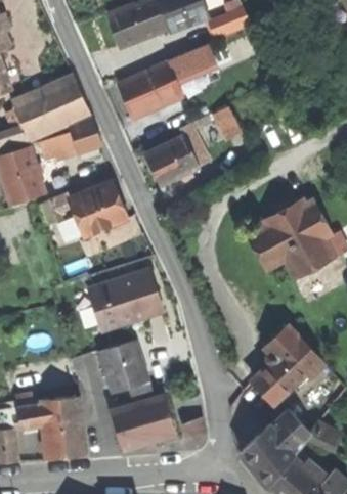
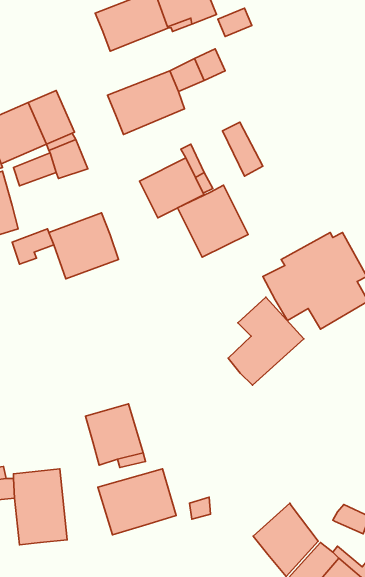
building: none -> [177,185,248,257]
building: [88,270,164,329] -> none
building: [258,325,321,399] -> [228,297,304,385]
building: [272,410,311,456] -> none

